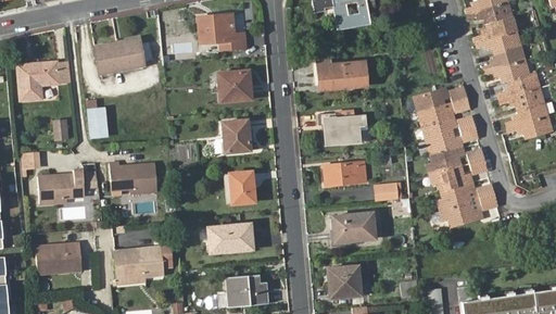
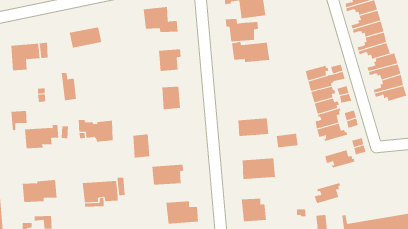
building: [316,112,362,143] -> [225,18,259,42]
building: [228,169,252,202] -> [132,134,150,158]
building: [435,184,471,212] -> [314,183,341,204]

